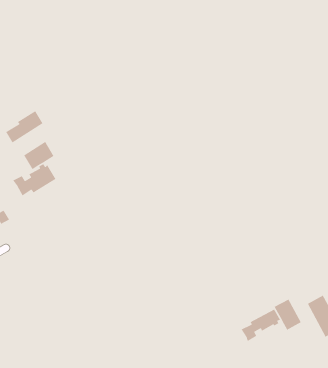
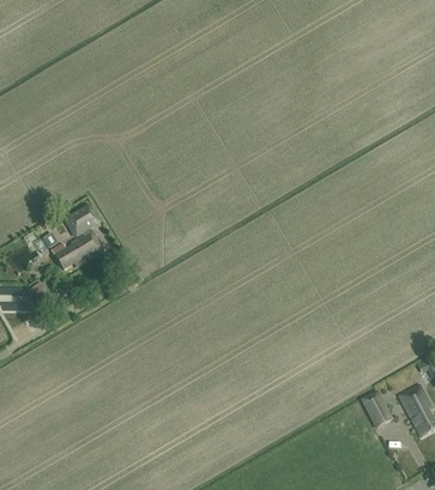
building: [5,110,44,144] -> none
building: [241,308,281,342] -> none

